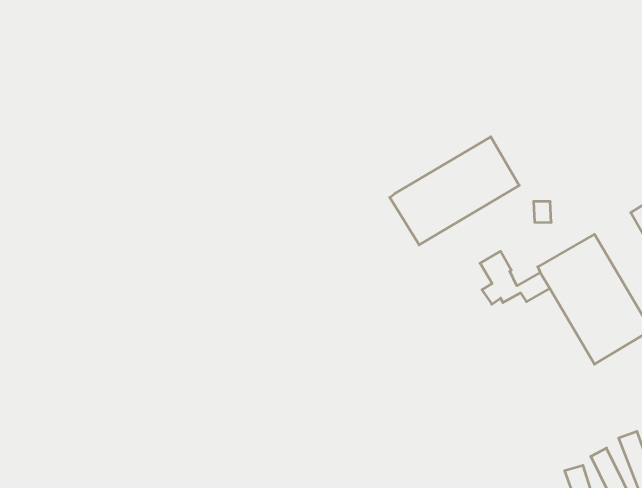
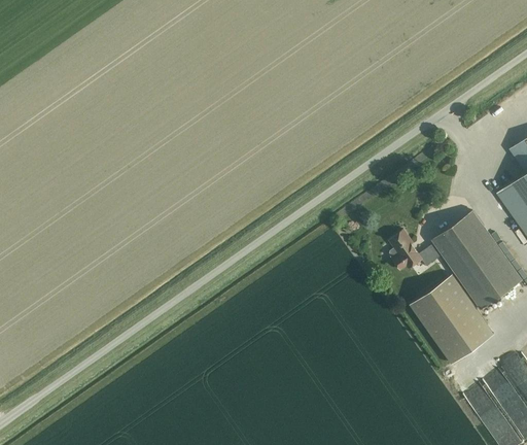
building: [390,137,519,245] -> none
building: none -> [410,275,494,365]

